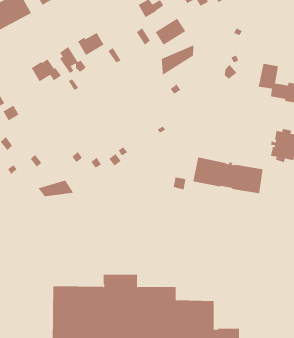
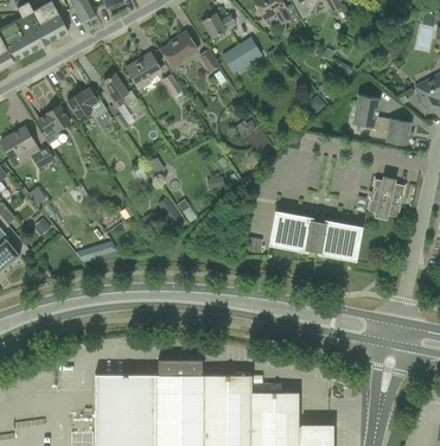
building: none -> [160,32,197,69]
building: [161,44,194,76] -> none
building: none -> [38,106,70,145]

